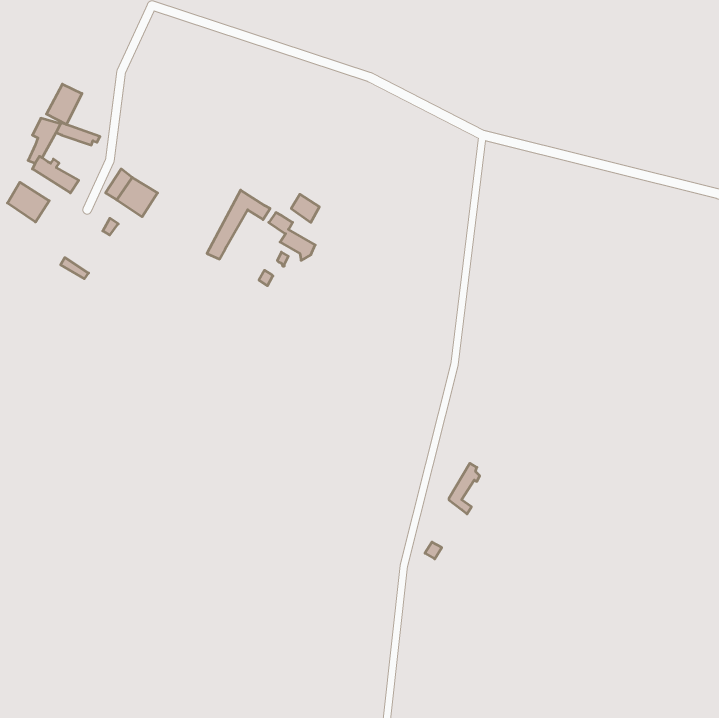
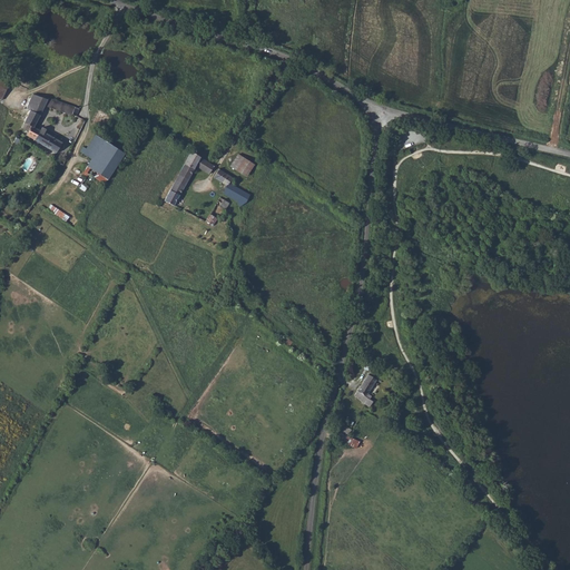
building: [46,84,82,125] -> none
building: [7,182,49,222] -> none

